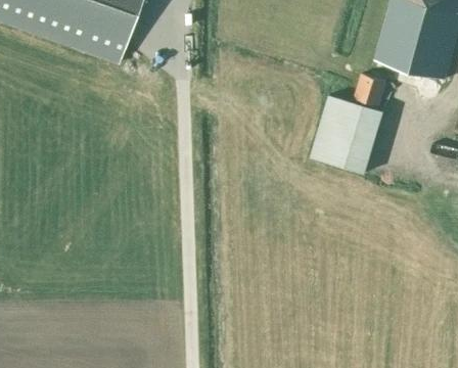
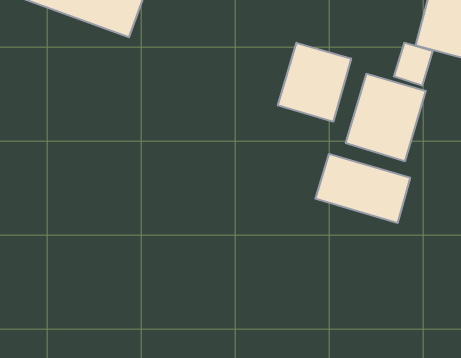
building: none -> [278,43,351,122]
building: none -> [315,154,410,223]

